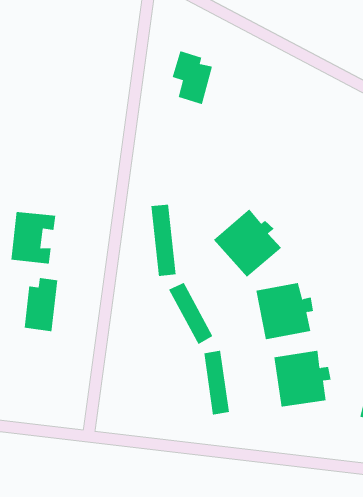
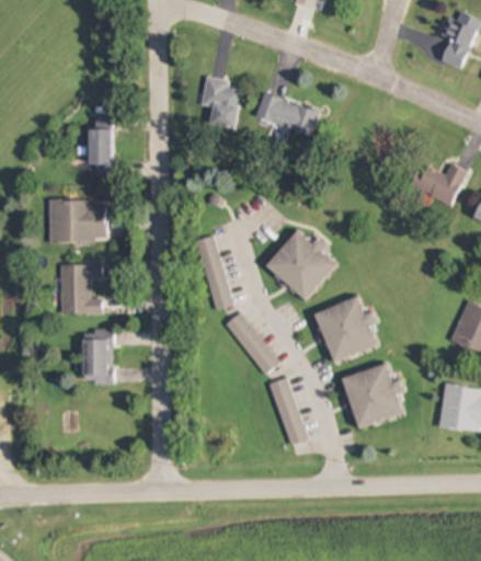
building: none -> [255,94,319,136]
building: none -> [89,119,111,171]
building: none -> [48,201,106,242]

